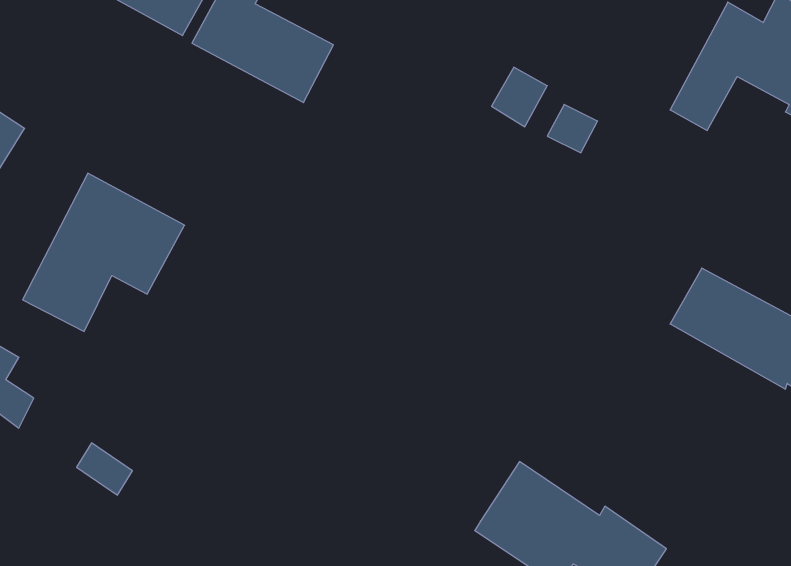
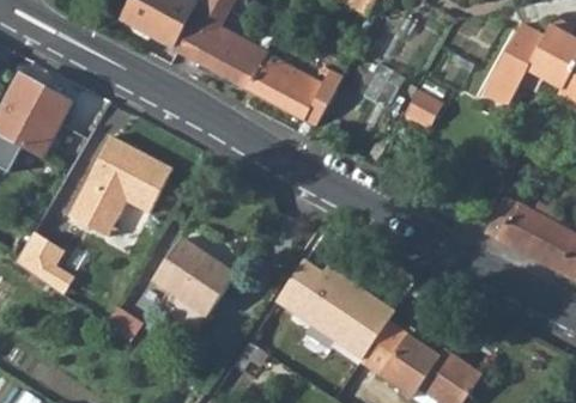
building: none -> [248,51,344,126]
building: none -> [153,239,234,330]
building: none -> [274,259,393,358]

